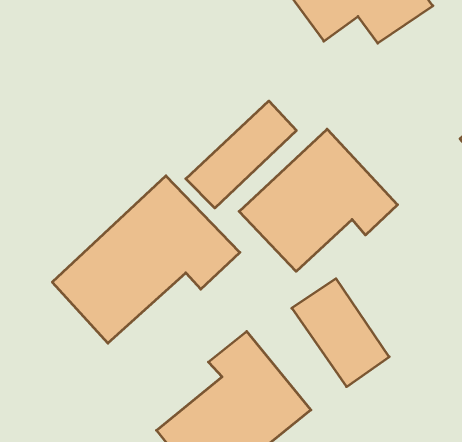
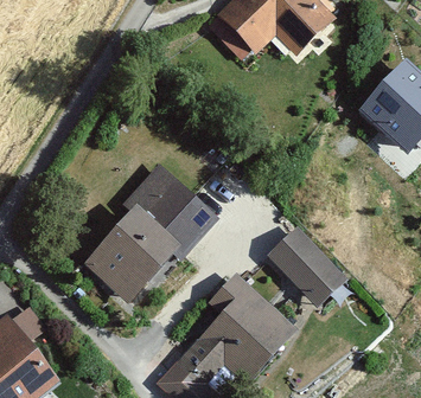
building: [186,101,296,208] -> none
building: [239,129,398,271] -> none

